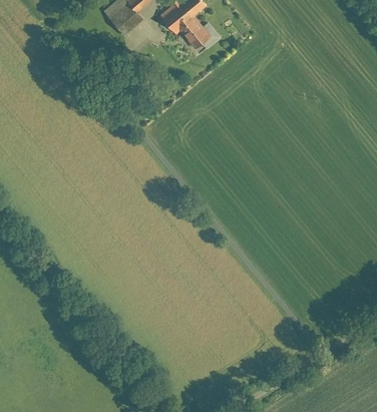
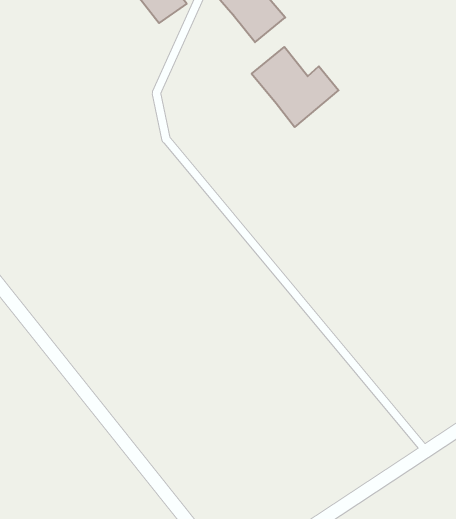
building: none -> [252,47,339,127]

